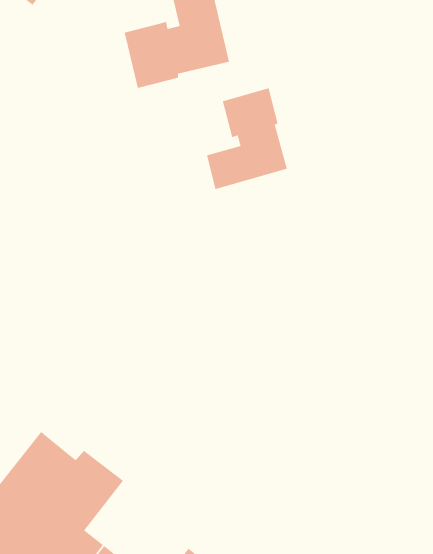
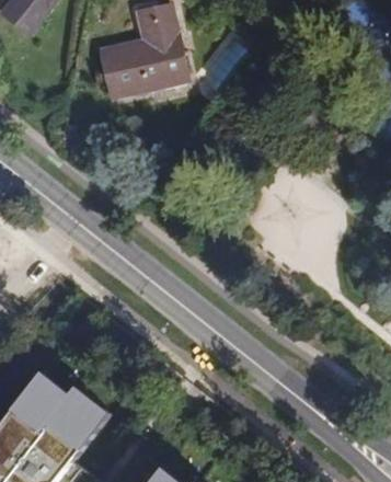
building: [206,88,288,190] -> none

